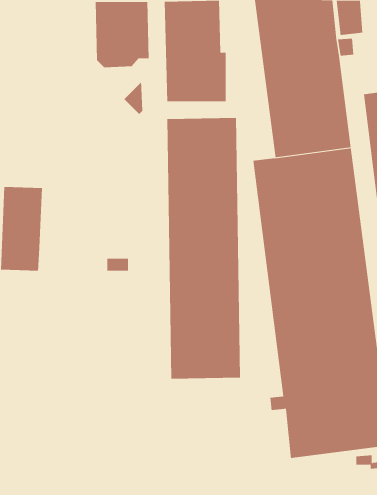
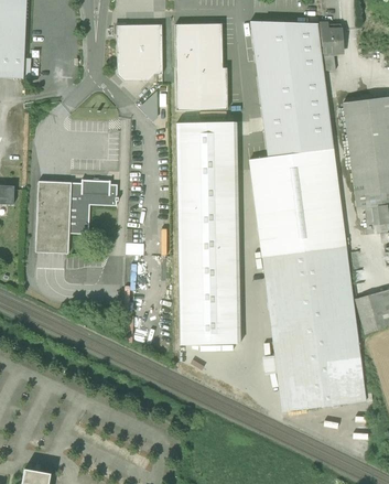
building: none -> [69,179,118,234]

